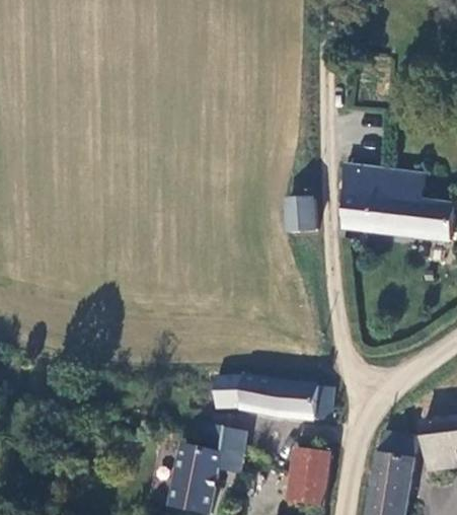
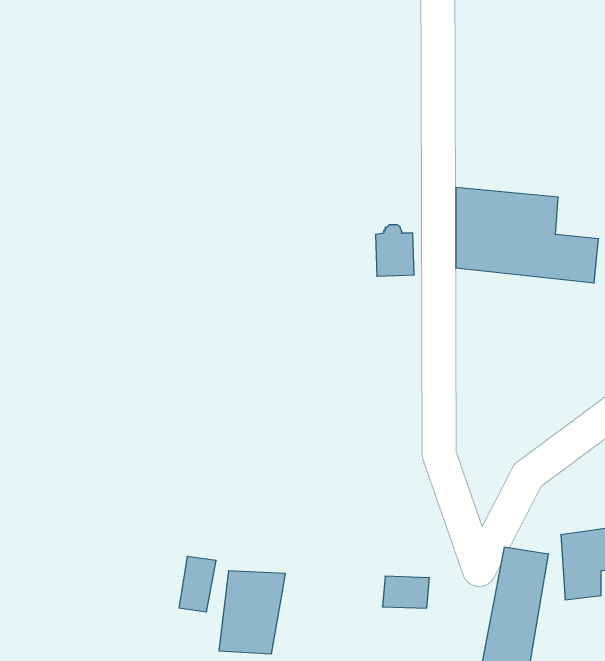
building: [228,376,327,419] -> none
building: [219,426,246,466] -> [179,556,216,612]
building: [290,474,324,505] -> none

